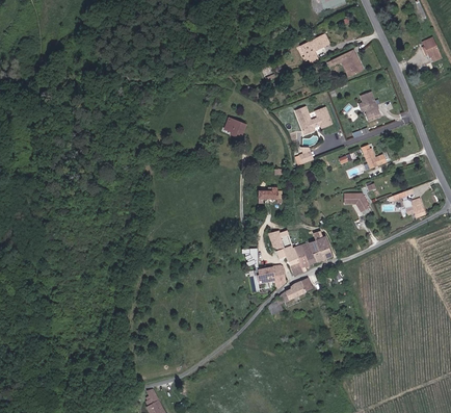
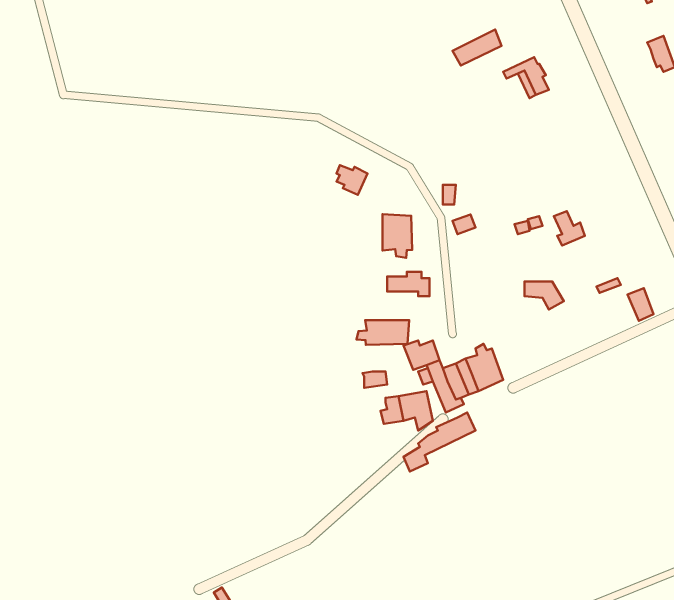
building: [359,92,380,122] -> none
building: [294,106,333,135] -> none
building: none -> [383,214,412,258]
building: none -> [356,320,409,345]

